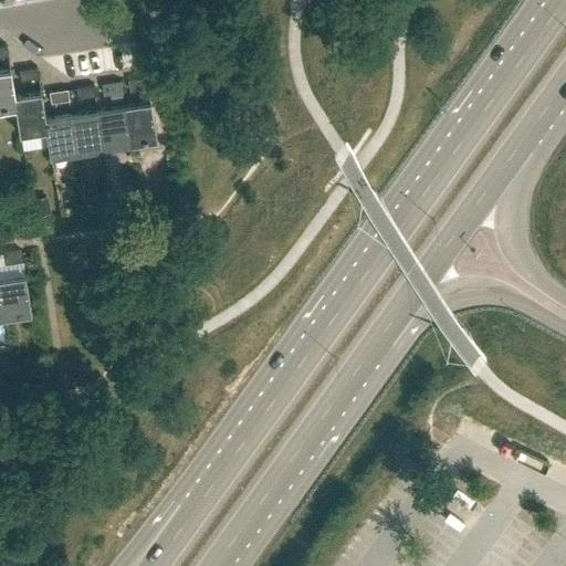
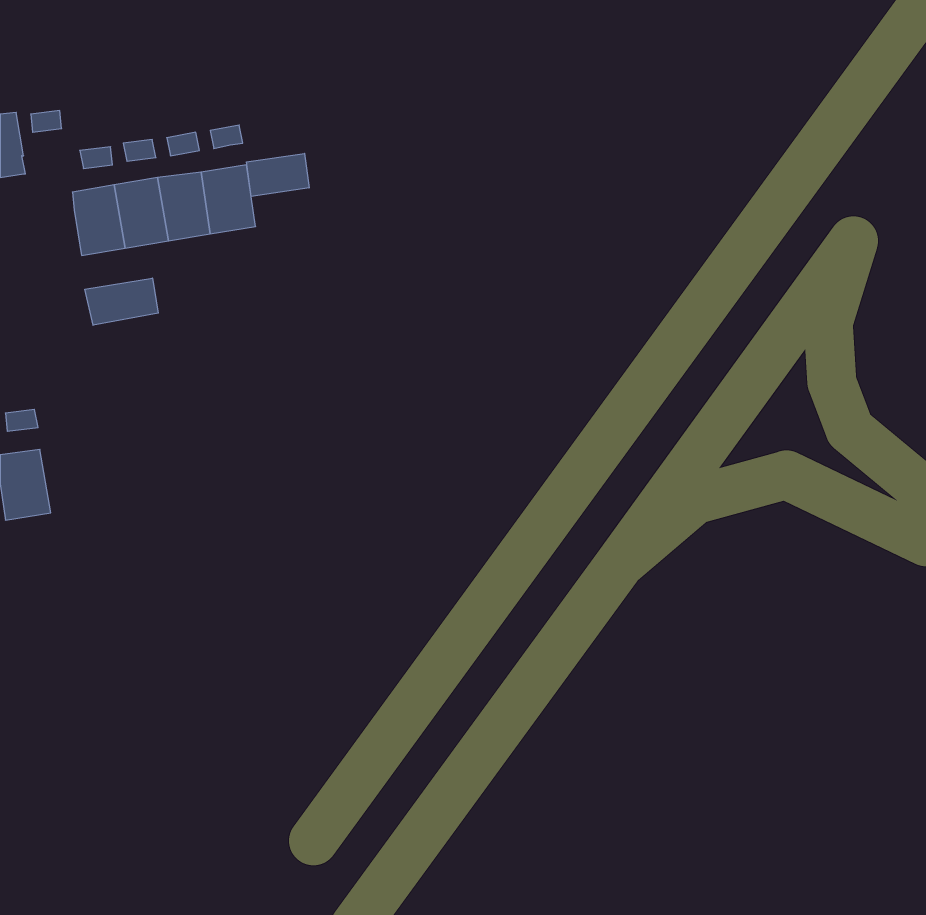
building: [13,97,45,139] -> none
building: none -> [247,153,309,196]
building: none -> [85,278,158,325]

